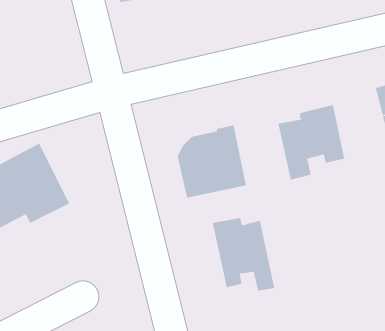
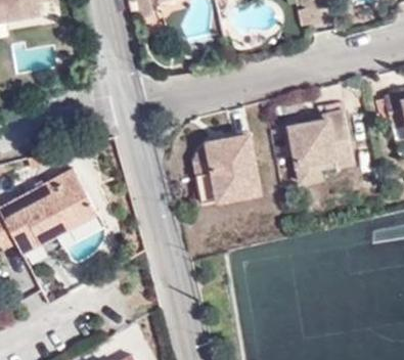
building: [212,217,275,291] -> none

